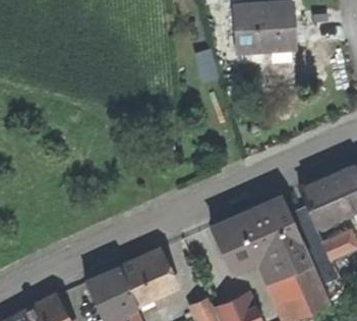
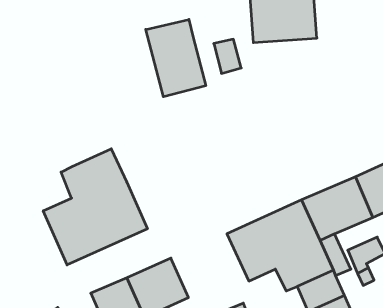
building: none -> [146,19,206,97]
building: none -> [43,149,147,265]

